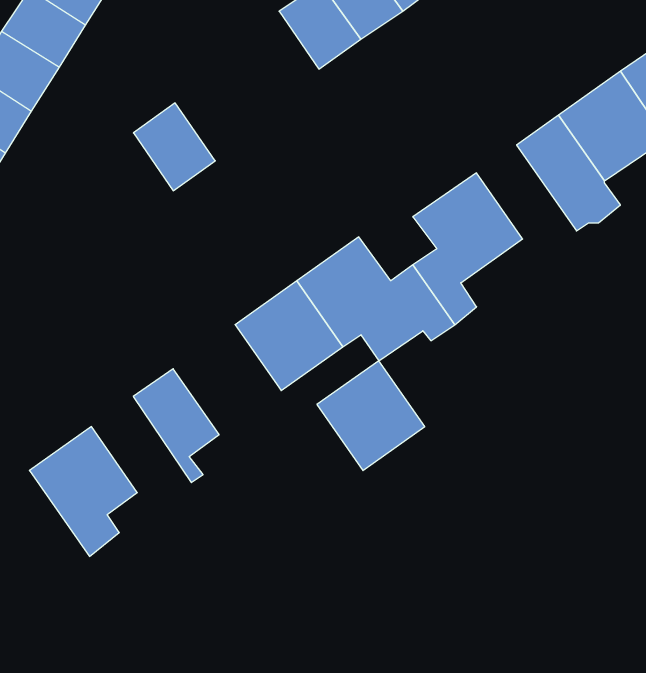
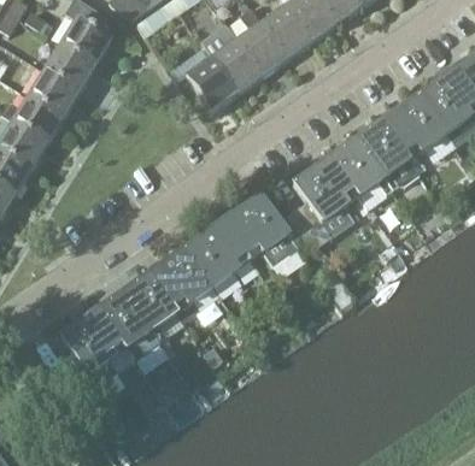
building: [133,103,215,191] -> [187,55,236,108]
building: none -> [332,136,392,193]
building: [317,361,425,471] -> [148,244,213,311]
building: none -> [99,288,159,356]

